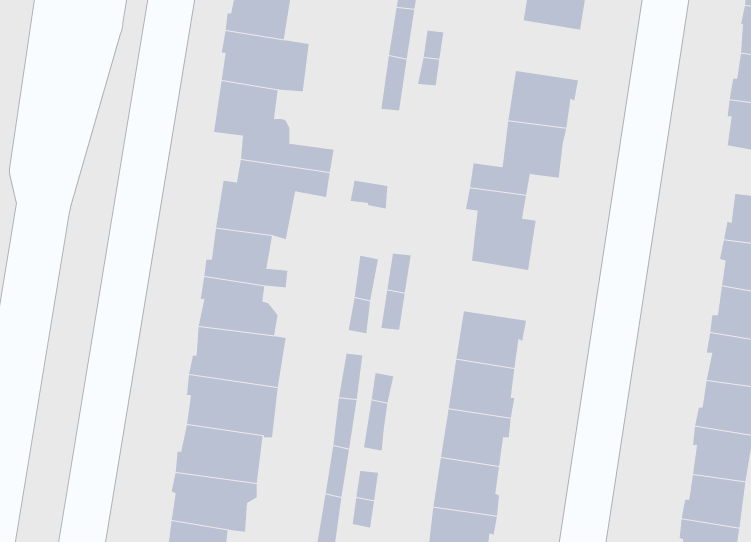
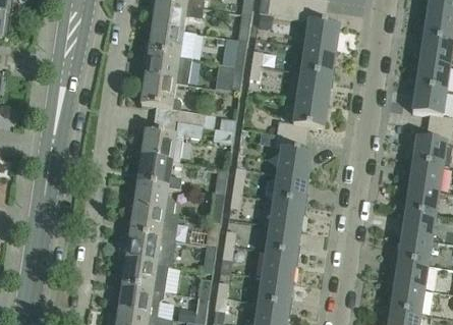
building: none -> [300,45,335,76]
building: none -> [273,172,307,204]

